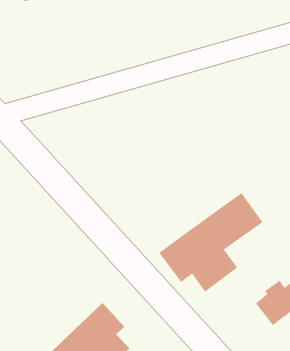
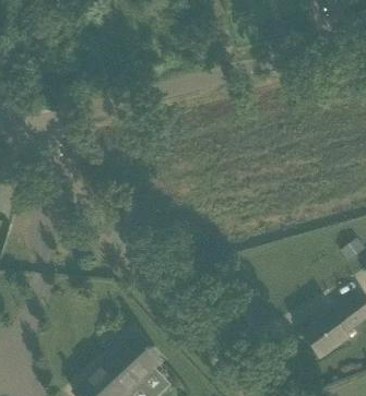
building: [158,192,263,292] -> none

